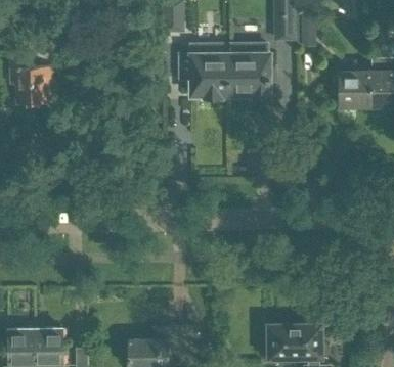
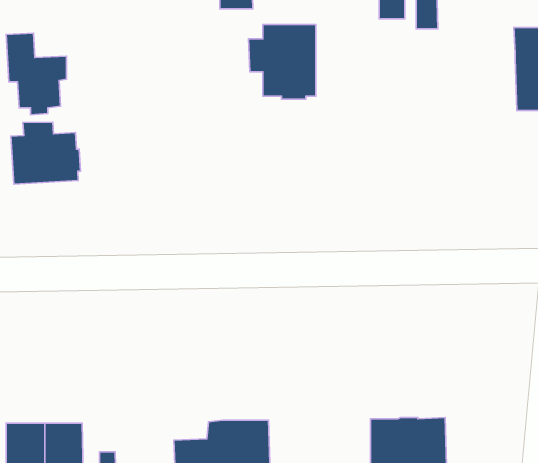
building: [229,45,276,98] -> none
building: [339,65,373,106] -> none
building: none -> [11,122,80,184]

